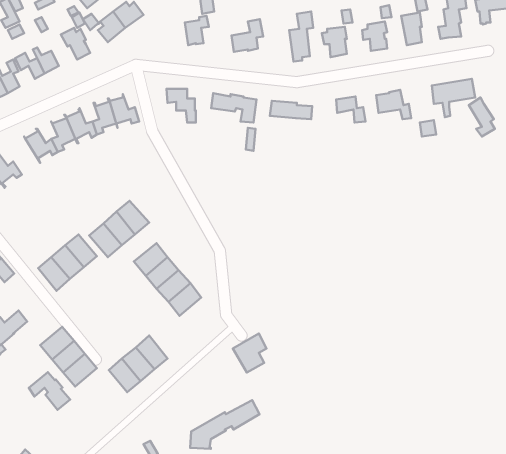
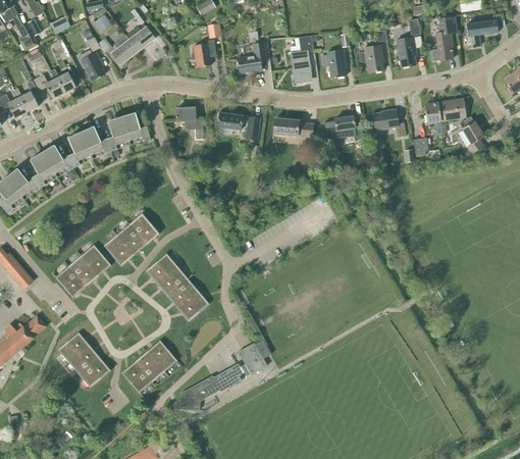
building: none -> [30,152,57,188]
building: [29,372,70,410] -> none
building: [190,400,260,449] -> [179,363,245,409]

